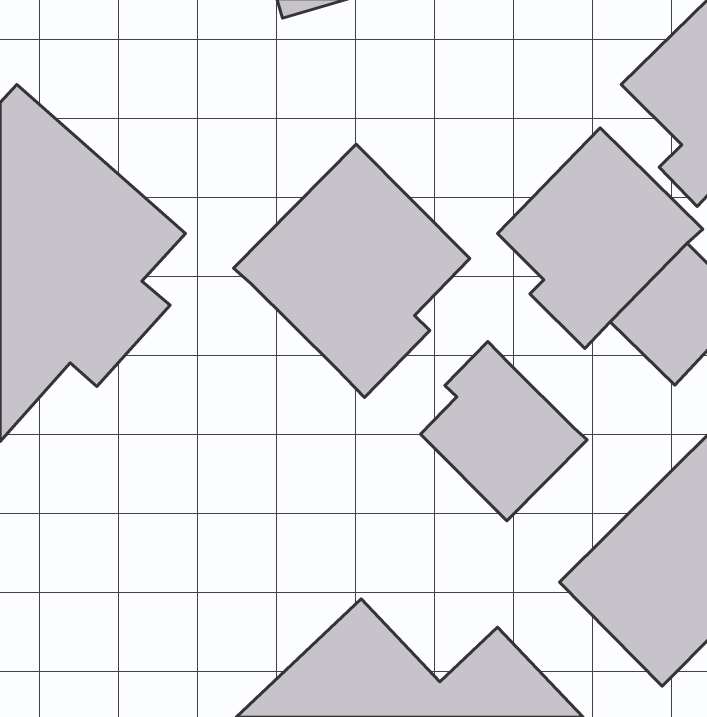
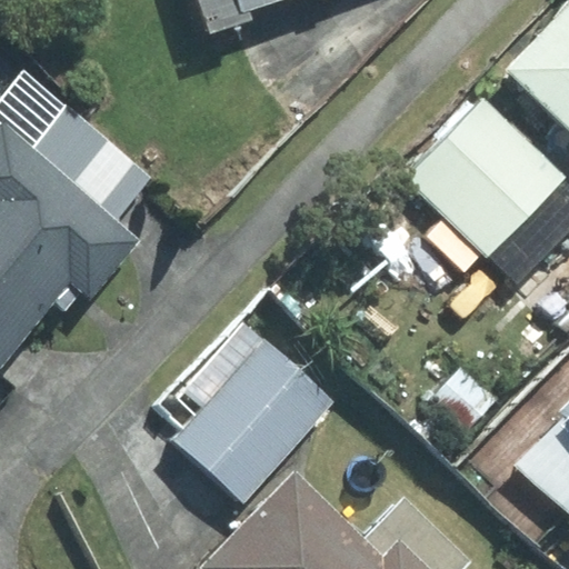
building: [233,144,470,398] -> none
building: [420,341,587,521] -> none
building: none -> [173,337,338,506]

